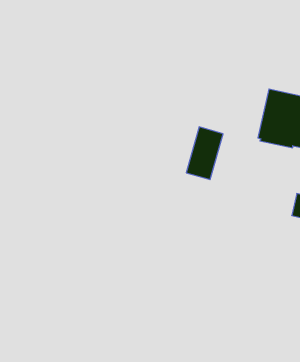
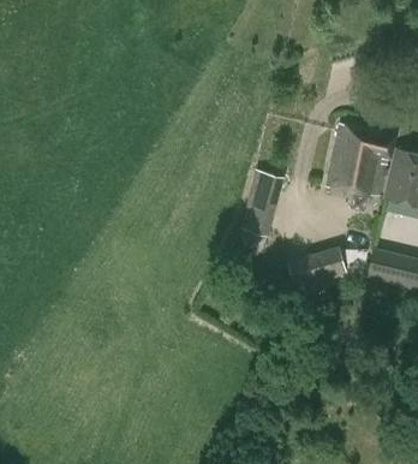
building: none -> [287,246,348,290]

